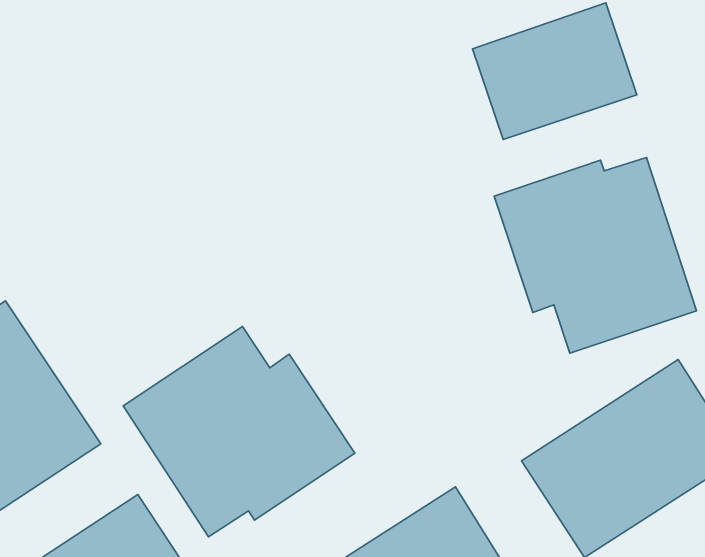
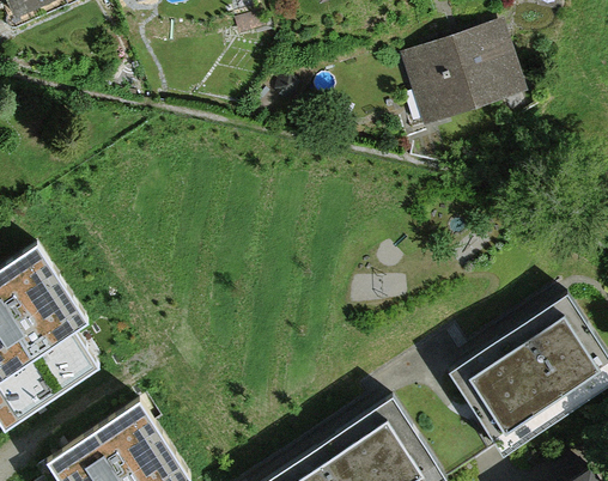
building: [494,157,696,353] -> none
building: [123,327,355,537] -> none

